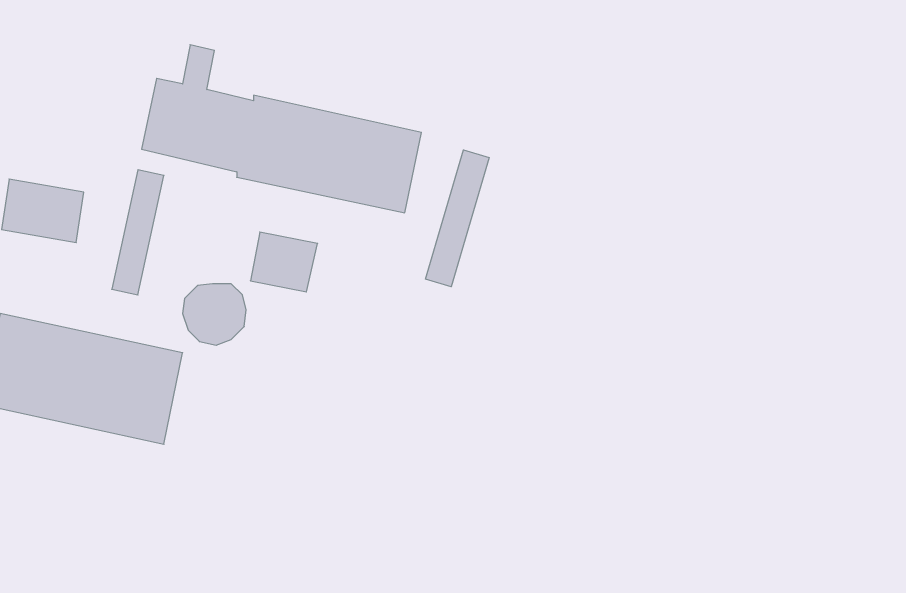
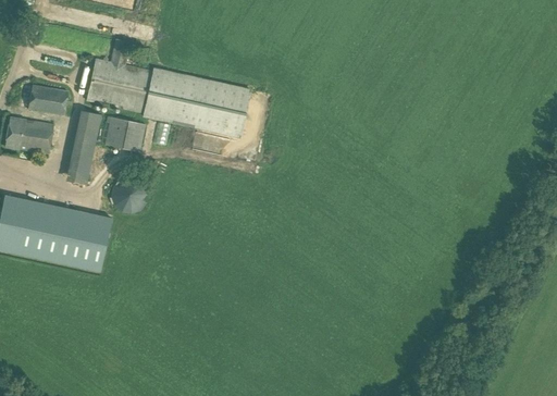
building: none -> [27,85,67,114]
building: [425,150,489,287] -> none
building: [250,232,318,292] -> [104,116,144,151]

